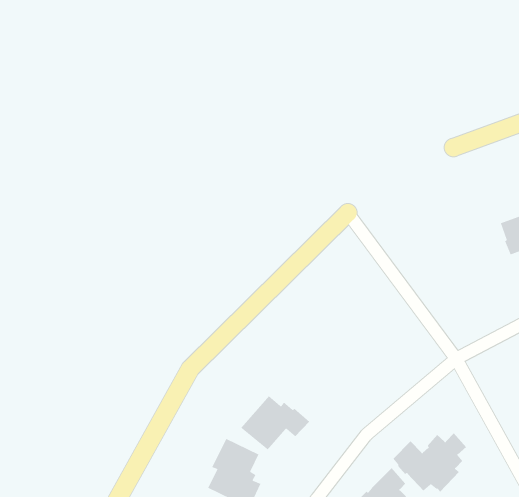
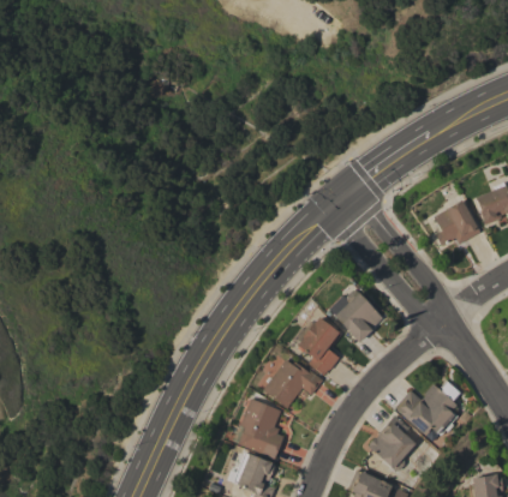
building: none -> [434,199,479,245]
building: none -> [334,291,382,342]
building: none -> [297,317,340,375]

